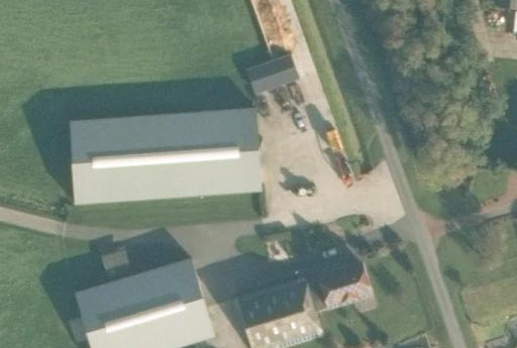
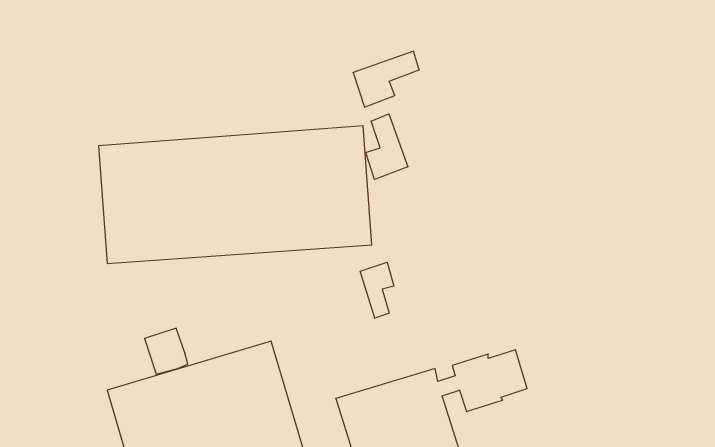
building: none -> [366,114,408,179]
building: none -> [360,262,394,318]

